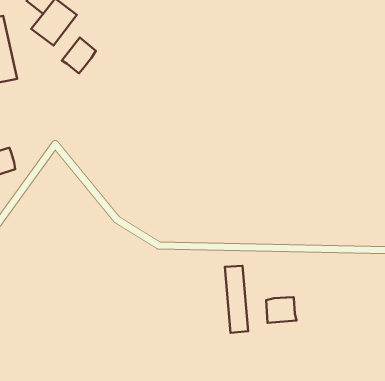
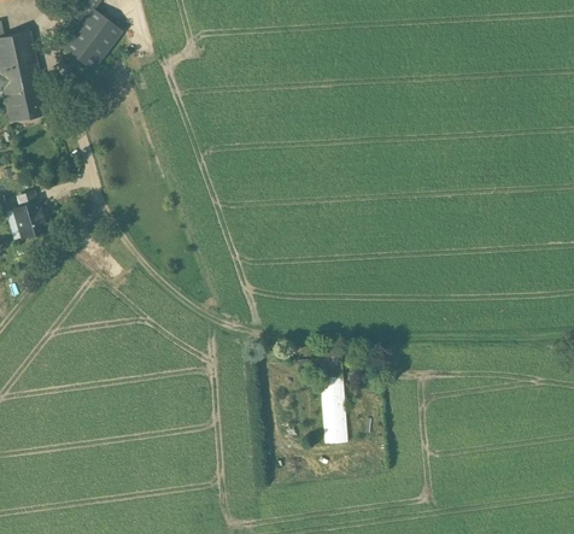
building: [62,38,96,73] -> none
building: [266,297,296,323] -> none

